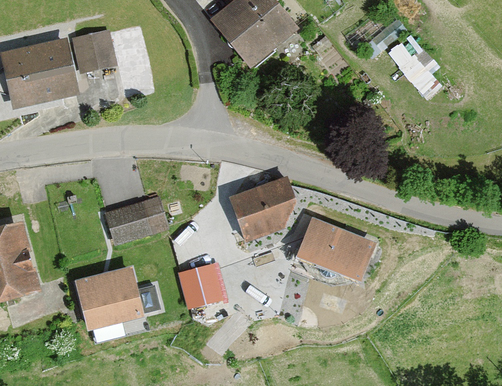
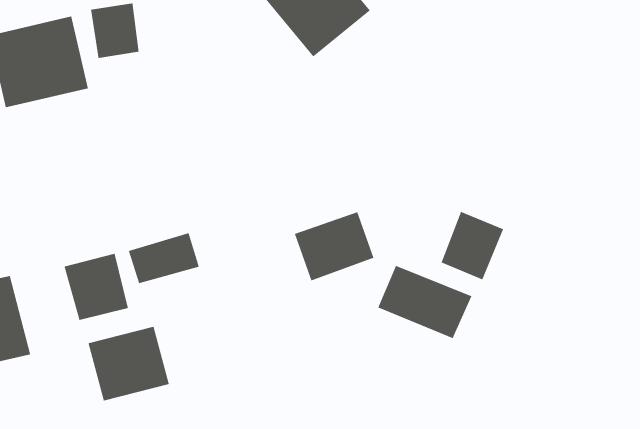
building: [386,30,447,93] -> none
building: none -> [441,211,504,281]
building: none -> [63,253,129,321]
building: [180,267,219,306] -> none

